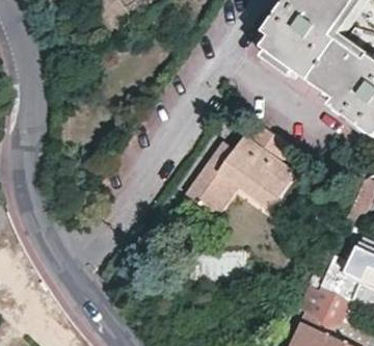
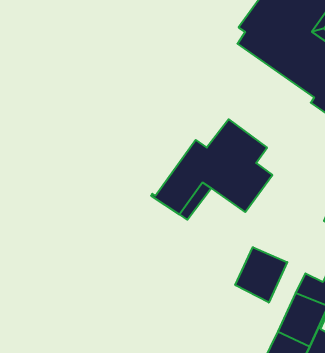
building: none -> [235,247,287,303]

